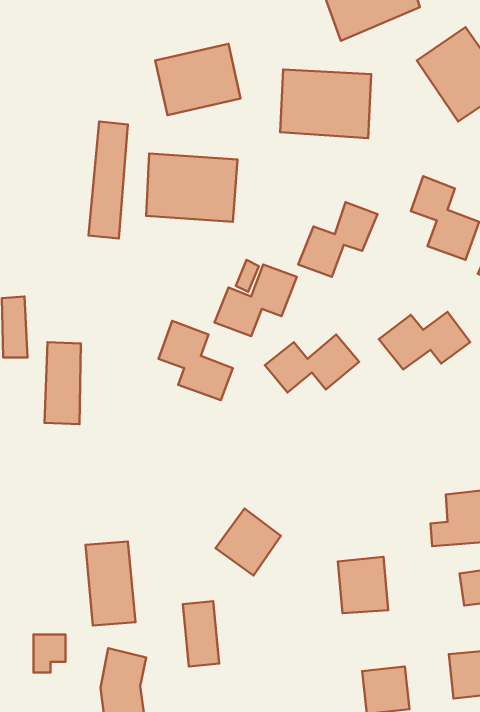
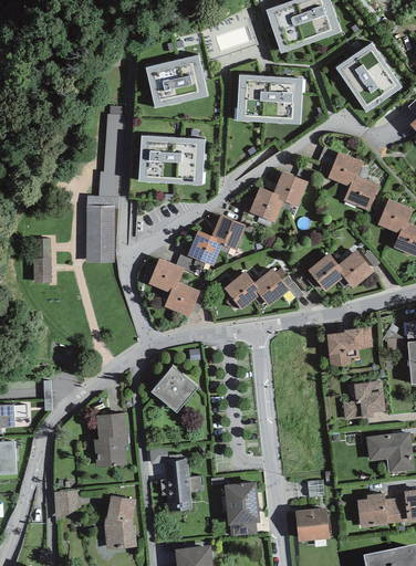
building: [44,342,81,424] -> [86,205,113,264]
building: none -> [324,328,372,368]
building: [216,508,281,575] -> [152,364,199,412]
building: [338,557,388,613] -> [225,482,261,523]

